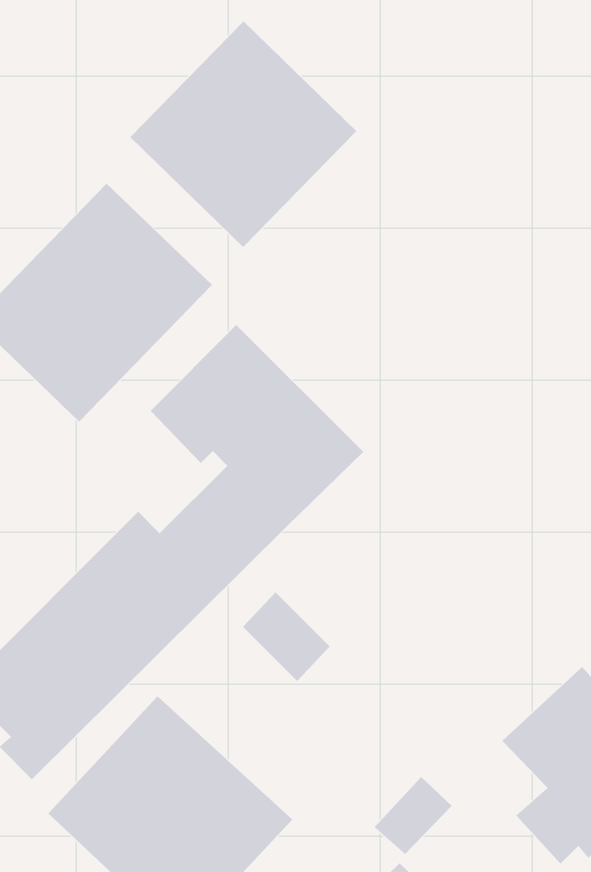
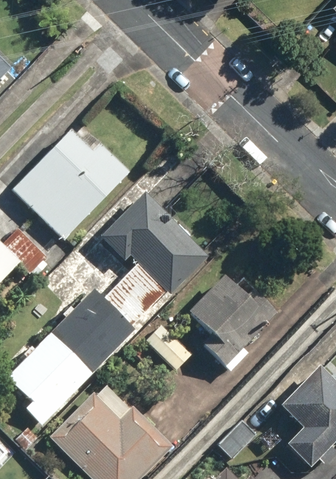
building: [129,21,357,248] -> none
building: none -> [187,272,280,372]

